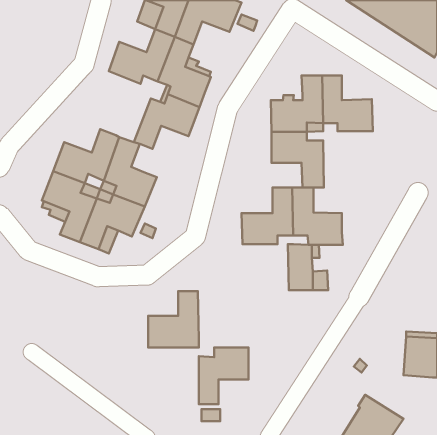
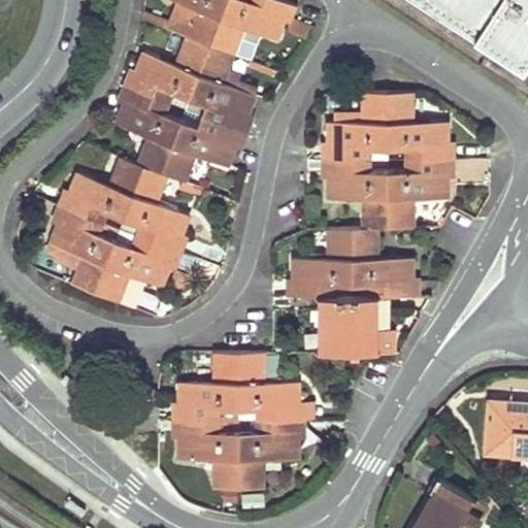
building: none -> [118,89,182,174]
building: none -> [389,161,449,229]
building: none -> [319,297,348,353]
building: none -> [238,353,299,422]
building: none -> [178,422,239,490]

